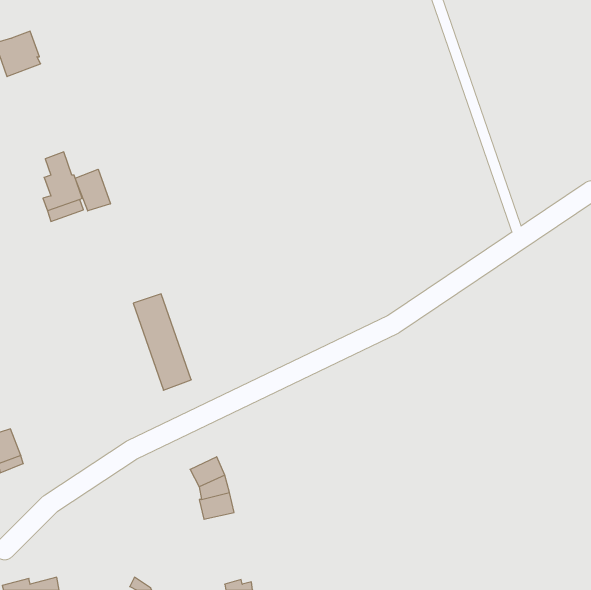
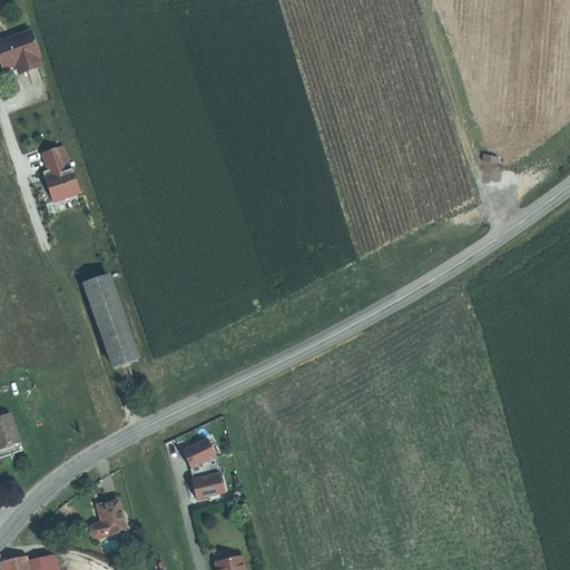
building: [75,169,110,211] -> none
building: [133,294,191,390] -> [83,274,139,366]
building: none -> [90,500,125,537]

